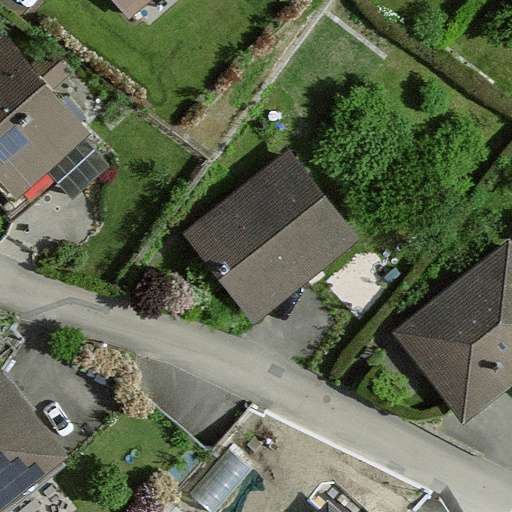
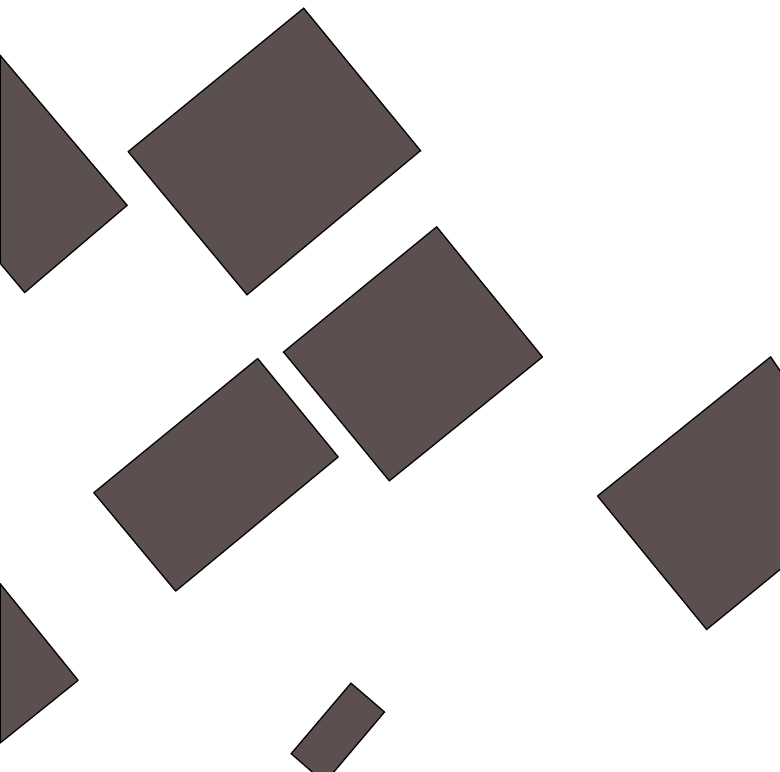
building: none -> [128,8,421,295]
building: none -> [94,359,338,591]

